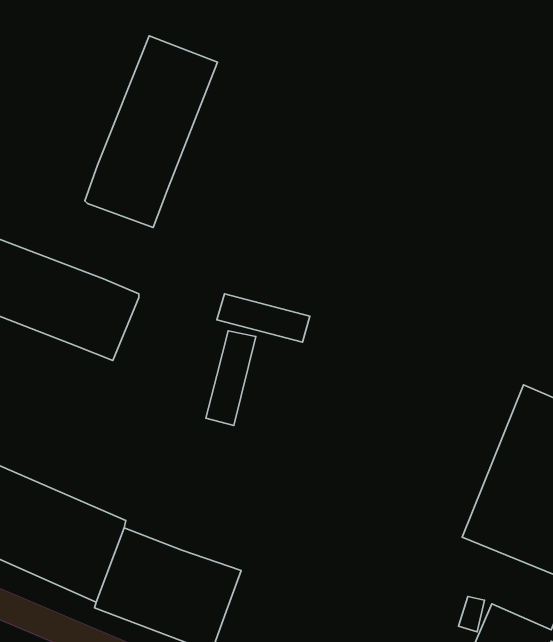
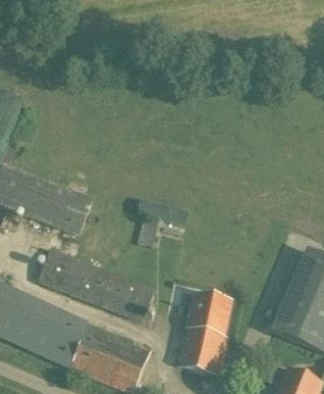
building: [85,36,217,228] -> none
building: none -> [38,247,156,321]
building: none -> [178,292,232,374]

